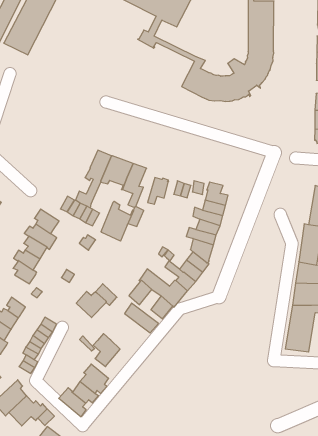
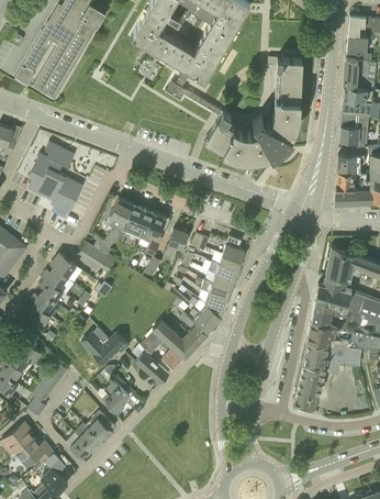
building: none -> [26,143,82,214]
building: [101,201,133,241] -> none

